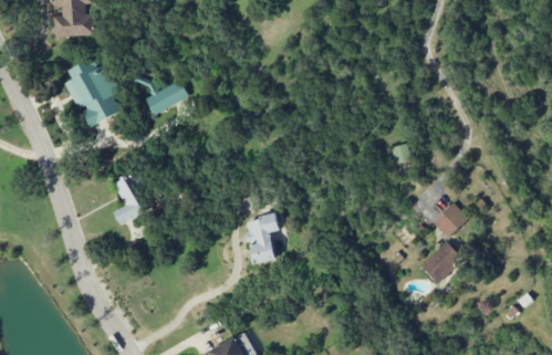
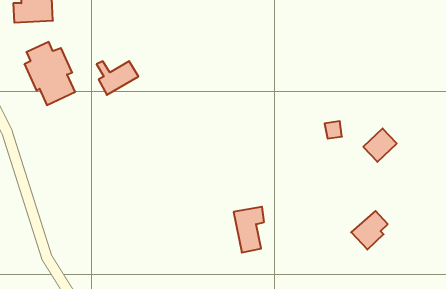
building: [115,175,150,225] -> none
building: [433,202,469,239] -> [363,128,397,162]
building: [246,215,279,264] -> [234,207,264,253]

